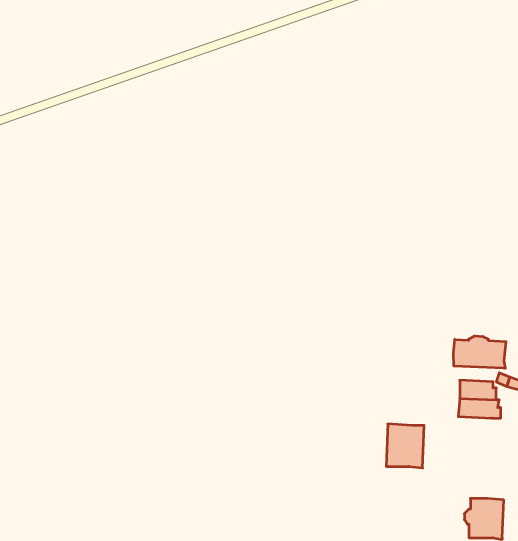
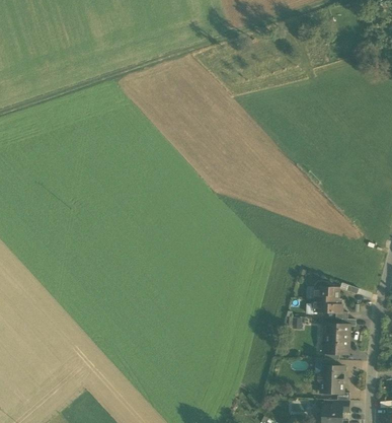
building: [453,336,506,368] -> none
building: [386,424,424,468] -> [324,324,349,353]

